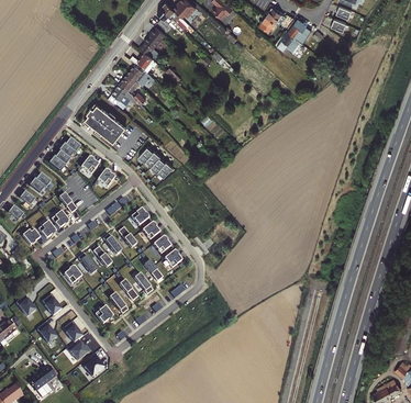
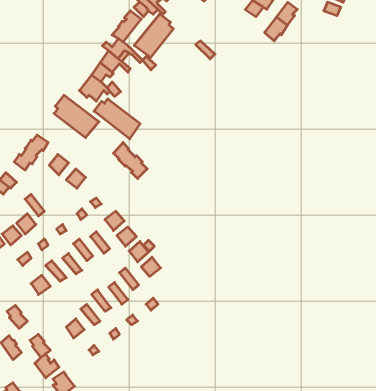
building: none -> [134,14,173,57]
building: none -> [94,99,140,139]

